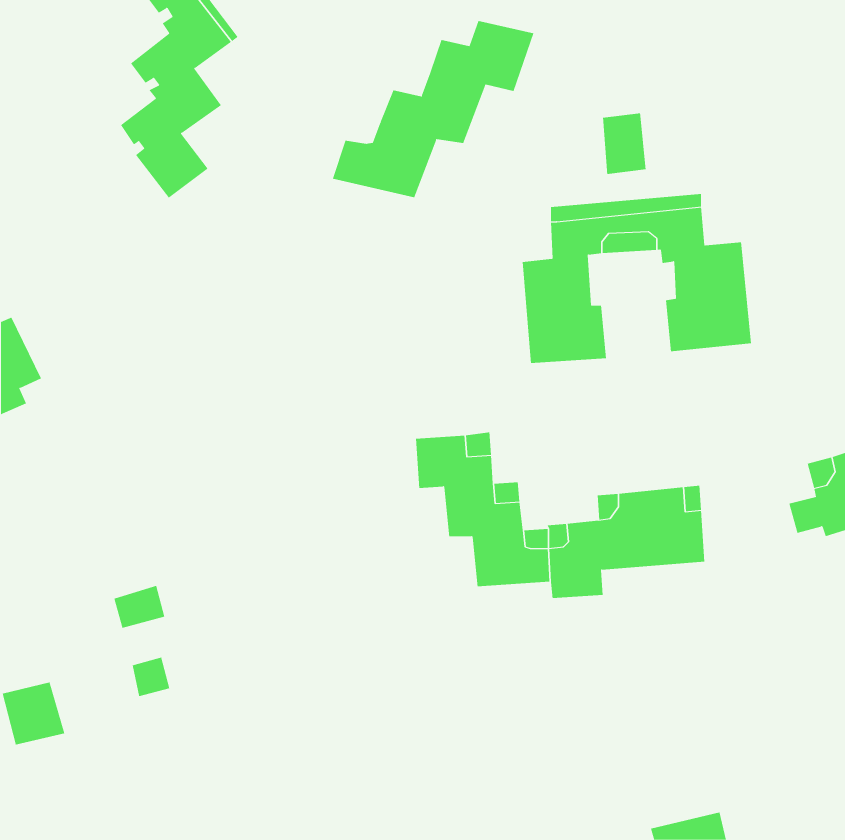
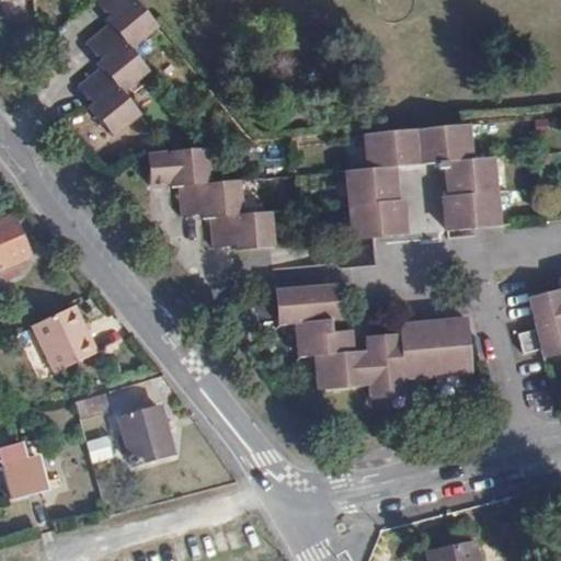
building: [332,20,534,198] -> none
building: [602,113,646,175] -> none
building: none -> [148,151,273,249]
building: none -> [31,298,99,367]
building: none -> [122,401,175,456]

